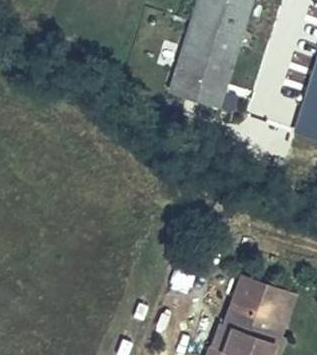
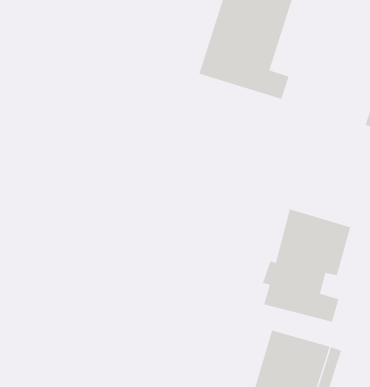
building: none -> [262,208,351,322]

